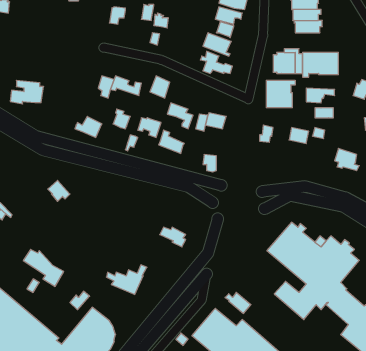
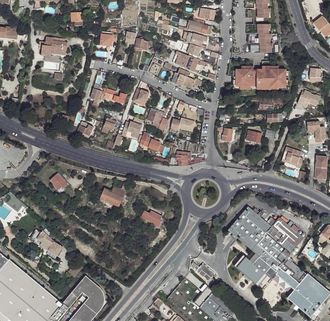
building: [266,80,295,108] -> none
building: [10,80,44,104] -> [41,37,68,56]
building: [106,265,147,294] -> [96,182,129,206]

